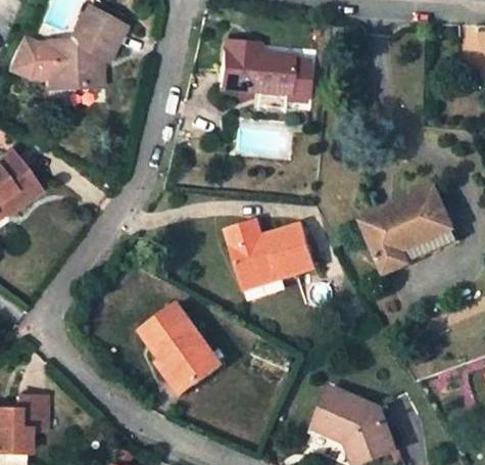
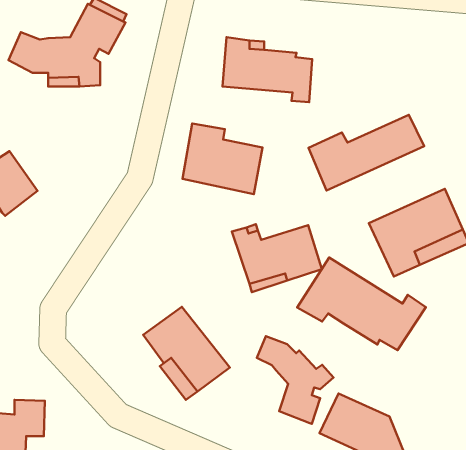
building: none -> [309,115,424,190]
building: none -> [182,124,262,194]
building: none -> [297,258,426,350]
building: none -> [257,336,334,424]

